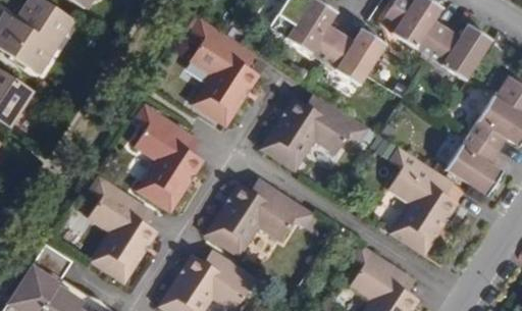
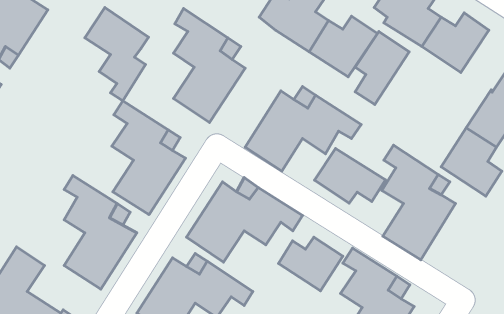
building: none -> [85,8,149,101]
building: none -> [355,31,409,105]
building: none -> [315,149,386,203]
building: none -> [279,237,343,291]

